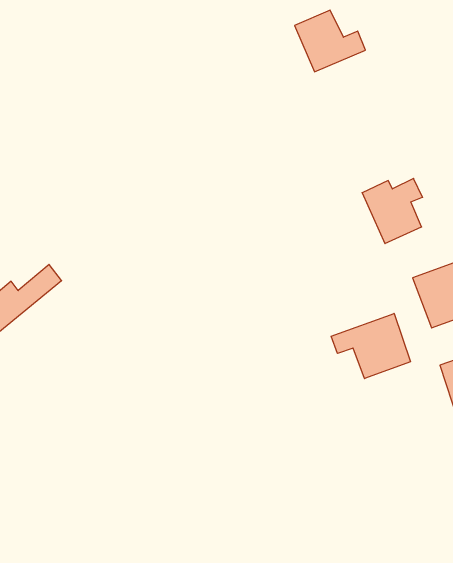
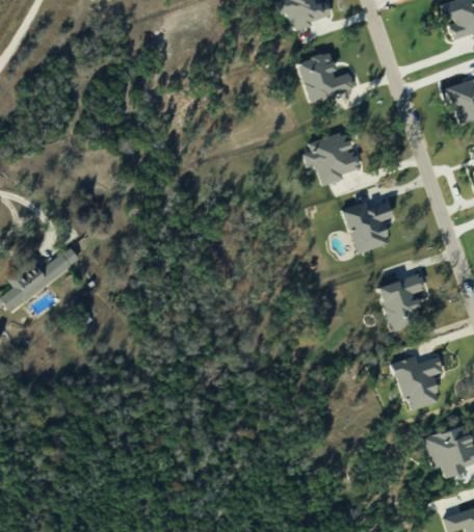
building: none -> [304,132,361,186]
building: [331,313,411,379] -> none

